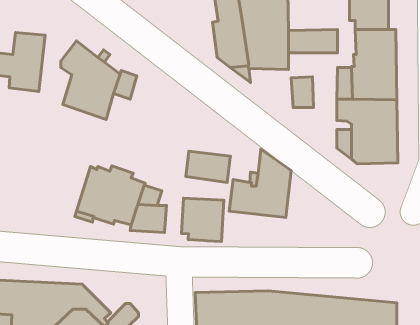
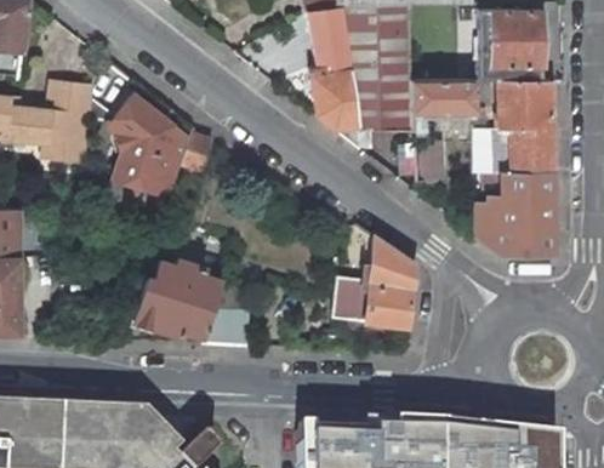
building: [186,151,230,183] -> none
building: [182,198,224,241] -> none

